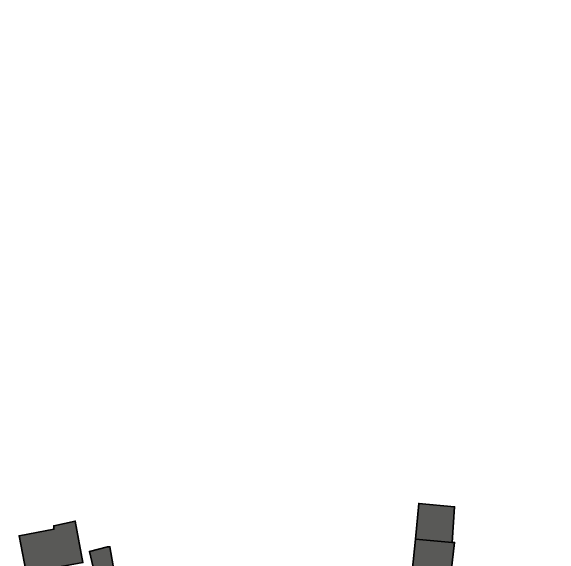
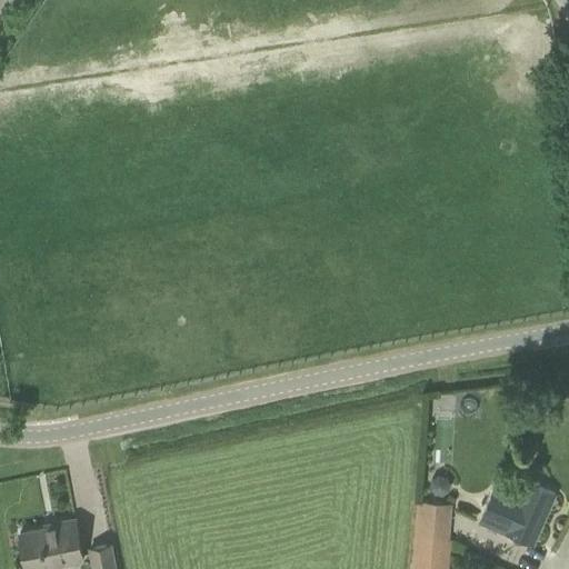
building: none -> [478,486,555,549]

